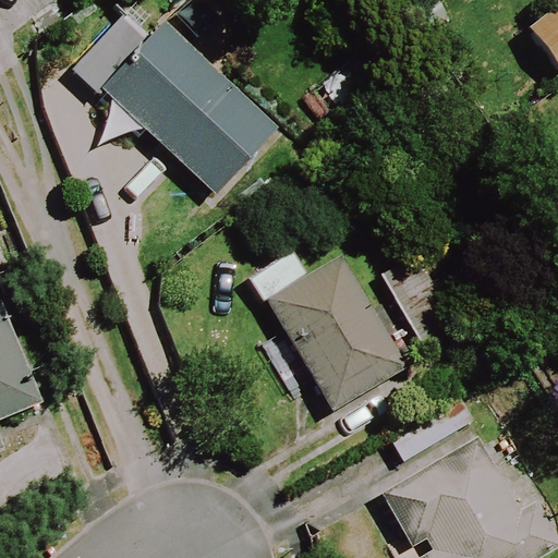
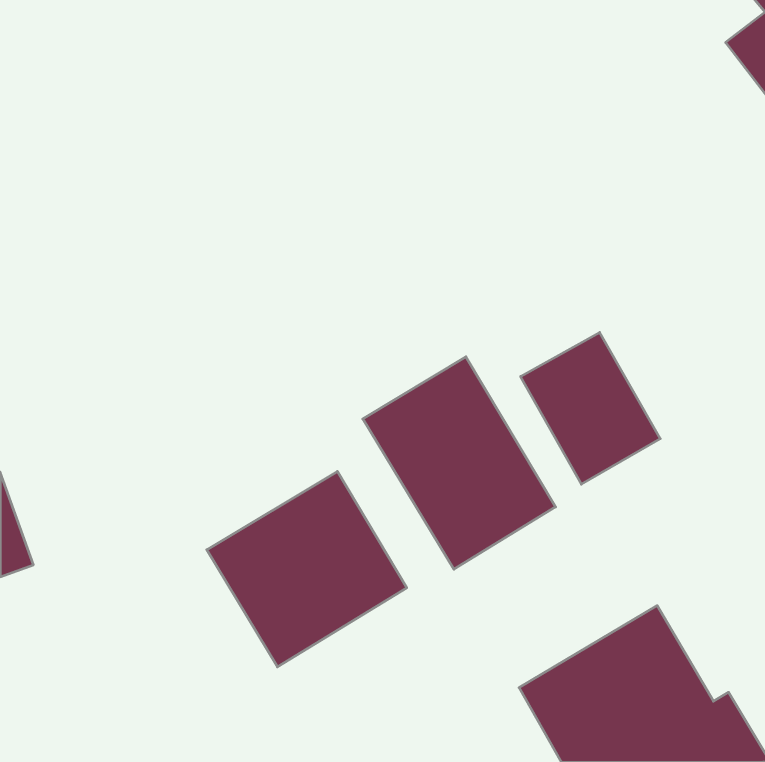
building: [76,15,279,197] -> none
building: none -> [207,471,407,667]

